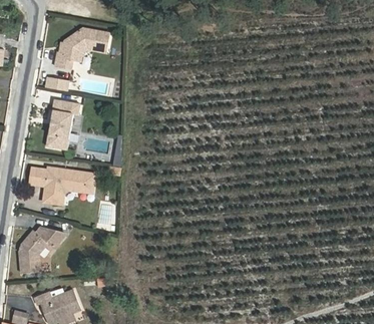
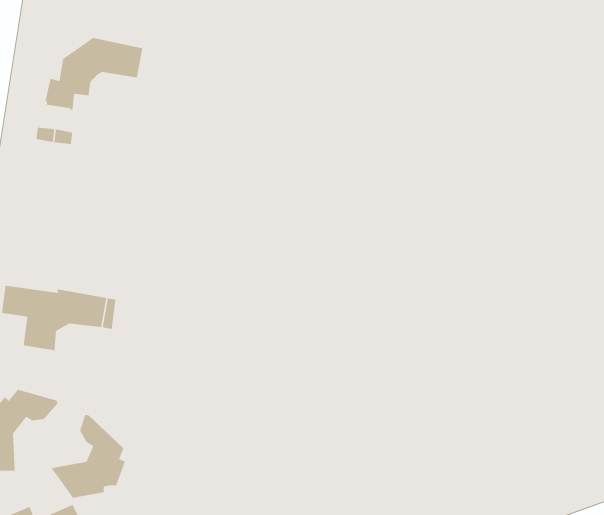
building: [46,100,79,149] -> none
building: none -> [50,414,126,499]

